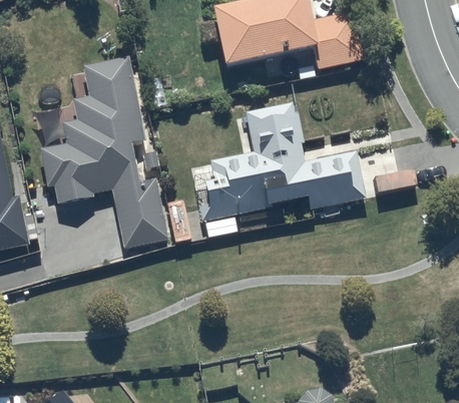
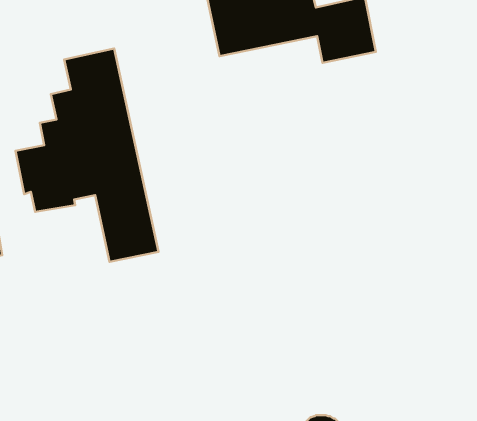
building: [192,101,367,223] -> none

